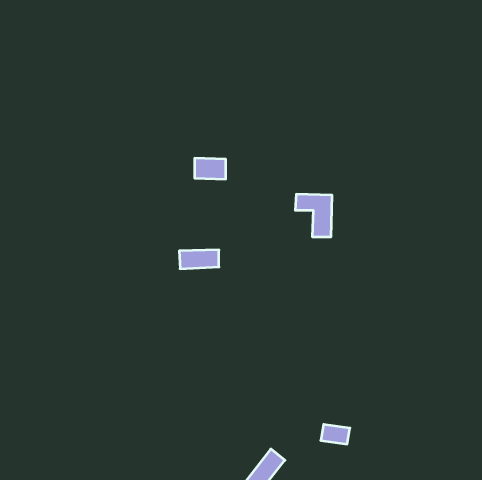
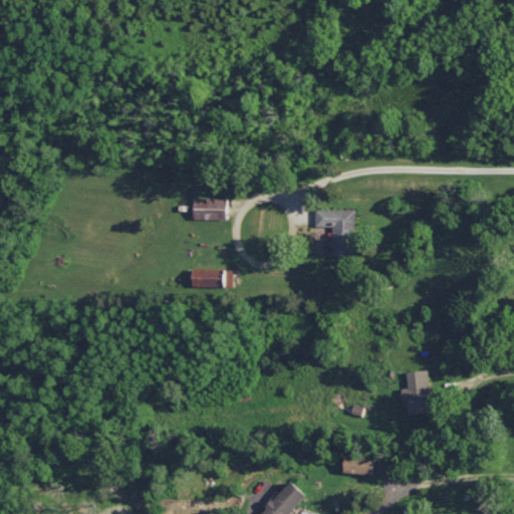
building: [195,158,226,179] -> [194,198,227,220]
building: none -> [406,370,428,414]

